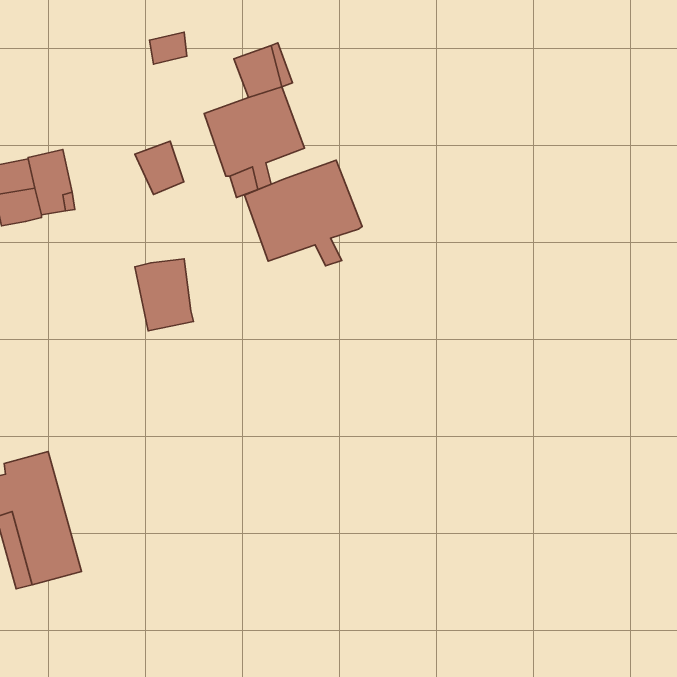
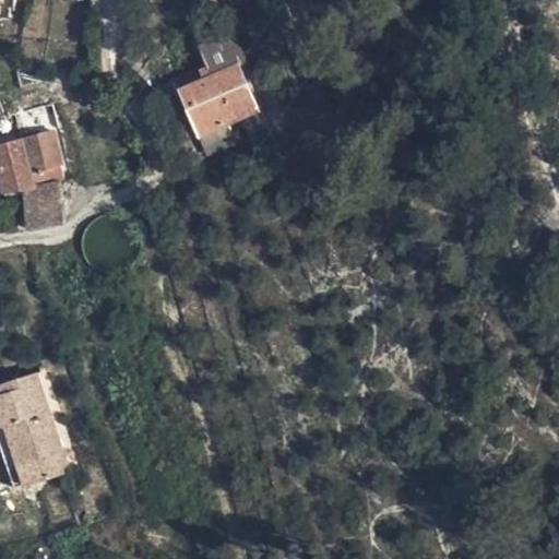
building: [135,141,184,194] -> none
building: [244,160,362,266] -> none
building: [135,259,194,331] -> [21,175,69,234]

